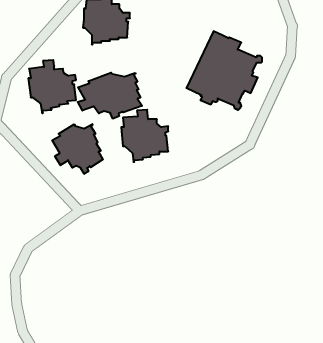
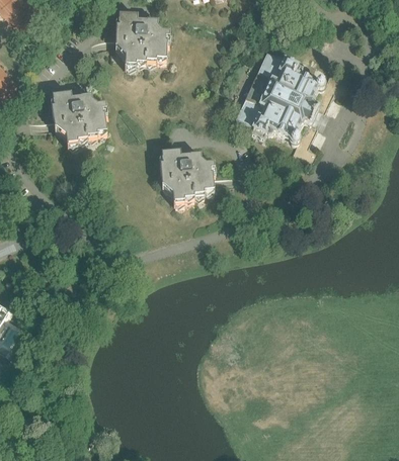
building: [78,73,142,119] -> none
building: [52,124,103,174] -> none

